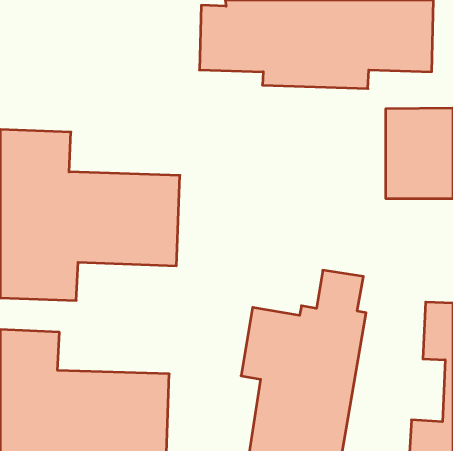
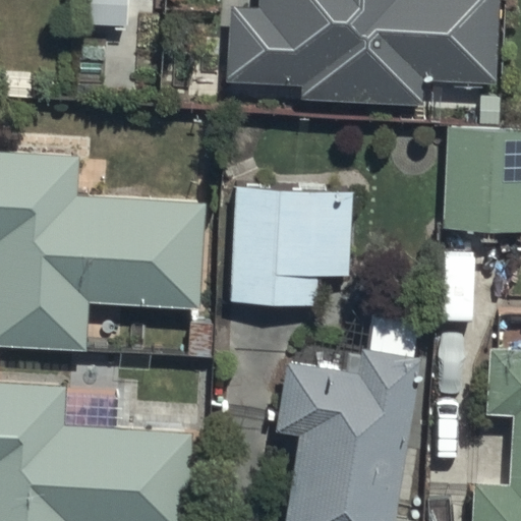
building: none -> [229,187,353,314]

